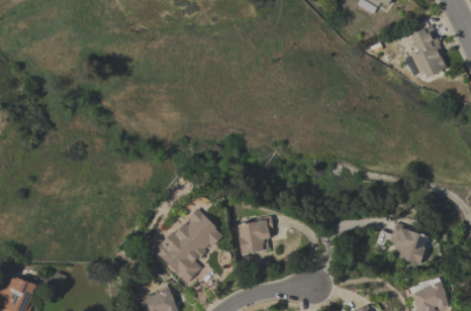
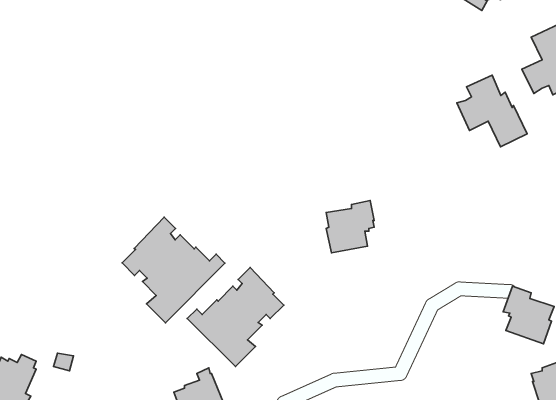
building: none -> [457,75,527,147]
building: none -> [122,217,225,323]
building: [238,215,274,254] -> [326,200,374,253]

